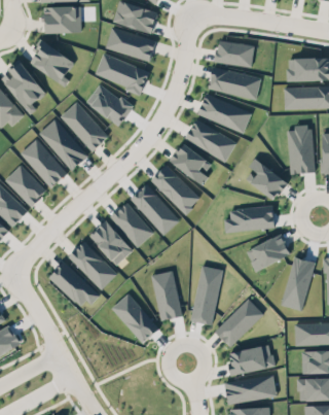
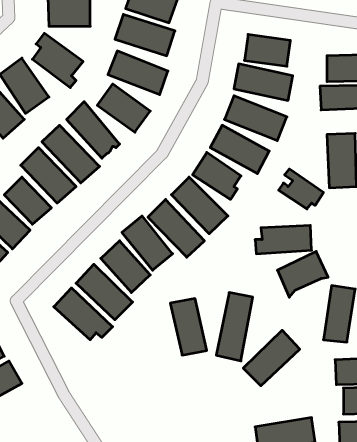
building: [112,292,157,344] -> none
building: [226,341,273,375] -> none

